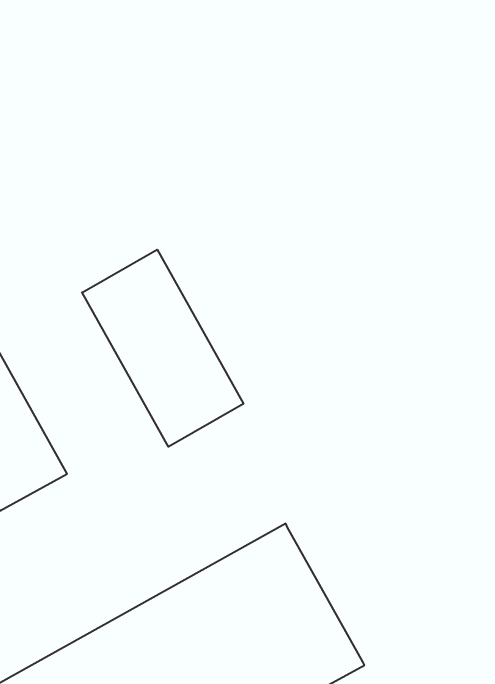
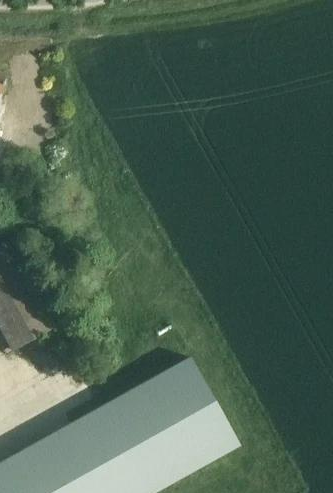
building: [82,250,243,447] -> none

